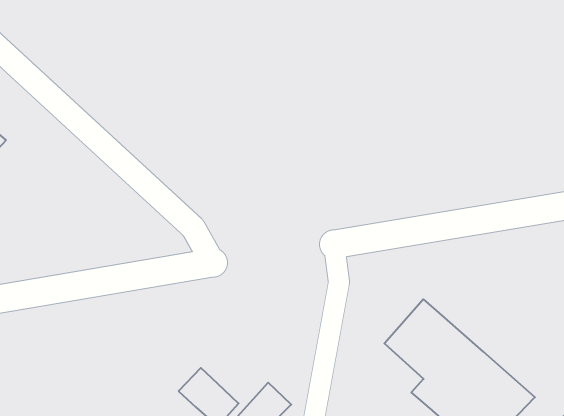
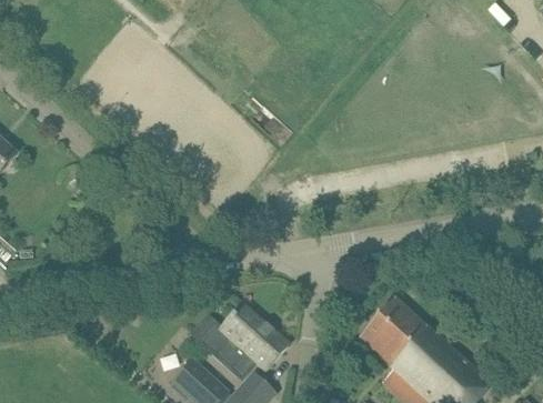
building: none -> [200,303,288,381]

